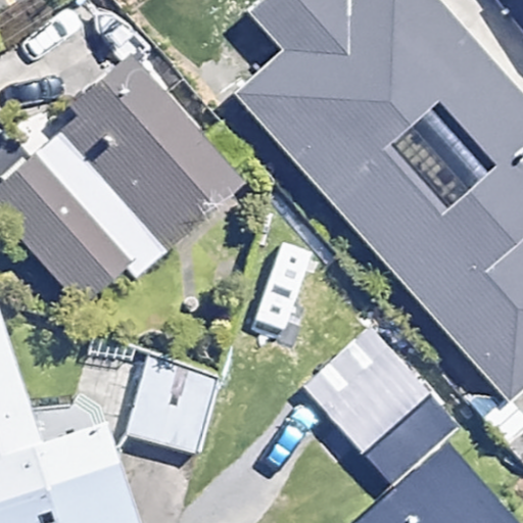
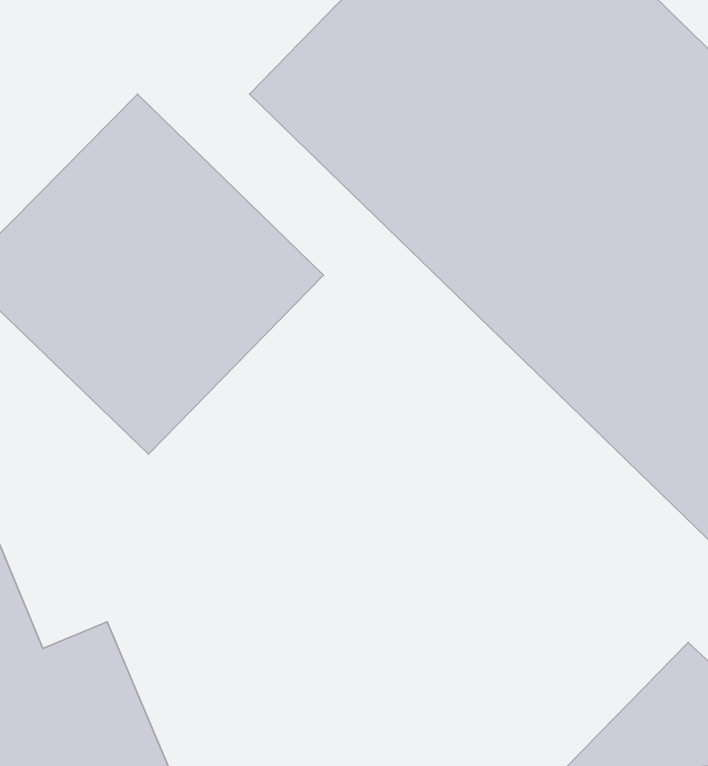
building: [299,319,450,473] -> none
building: [125,344,228,459] -> none

